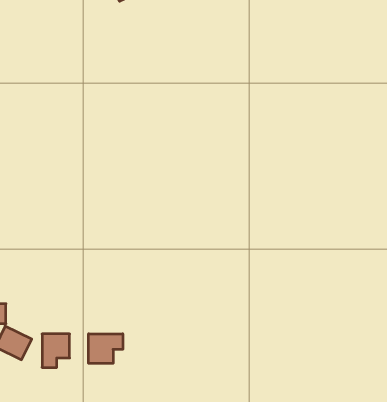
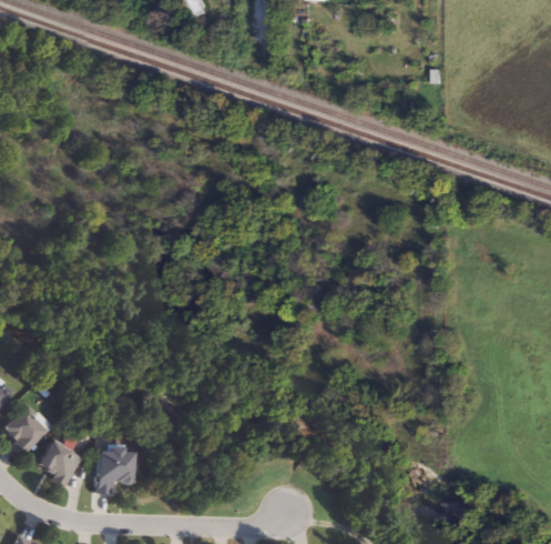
building: [89,334,123,363] -> none

